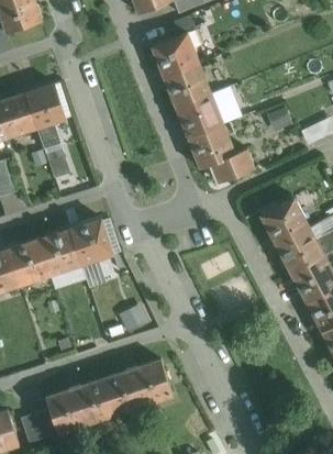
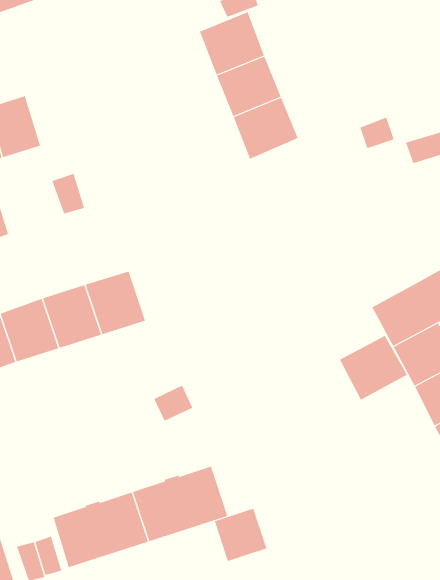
building: [26,84,66,150] -> none
building: [188,123,255,182] -> none
building: [260,198,310,245] -> [339,335,408,401]
building: none -> [214,508,267,562]

